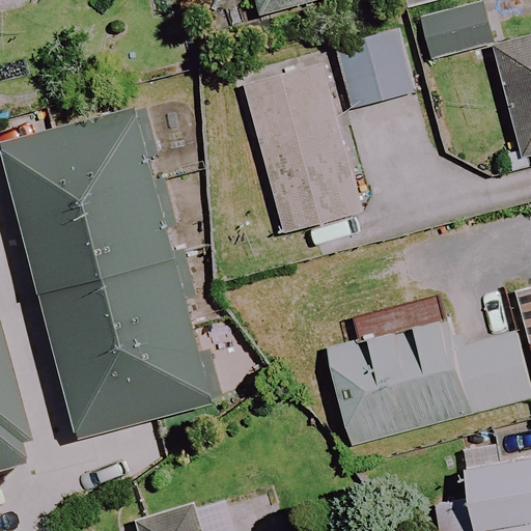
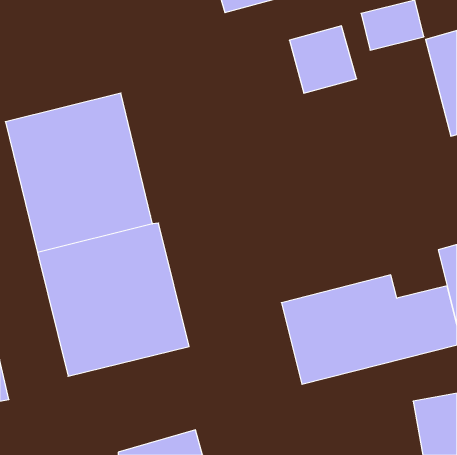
building: [242,56,360,232] -> none

